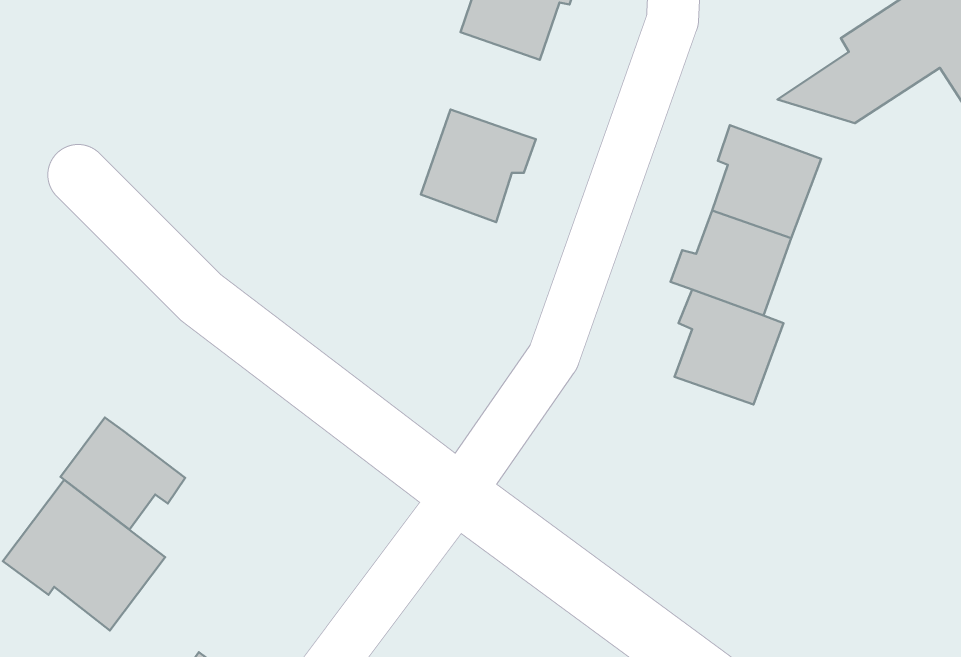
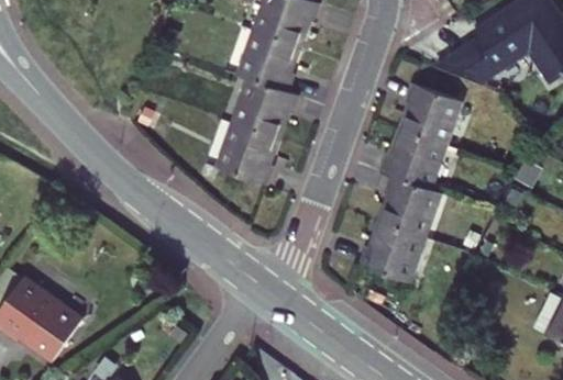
building: none -> [243,31,300,88]
building: none -> [219,121,276,179]
building: none -> [352,222,419,282]
building: [61,418,185,530] -> none

